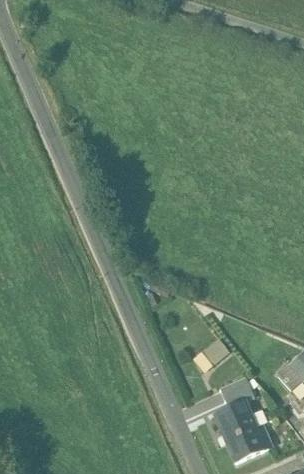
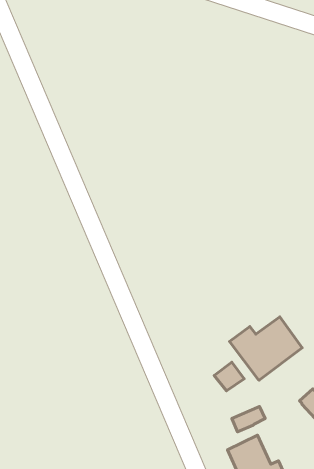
building: none -> [230,317,302,380]

